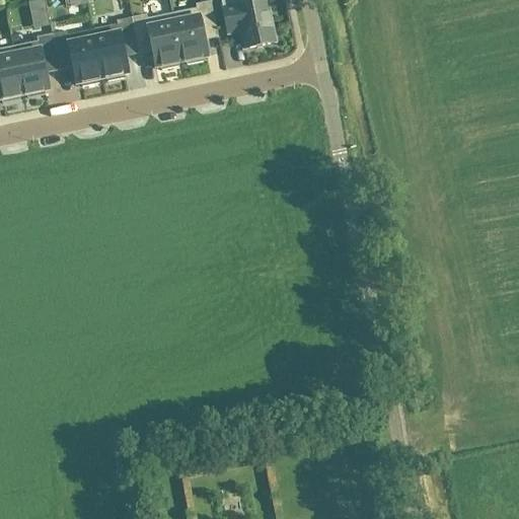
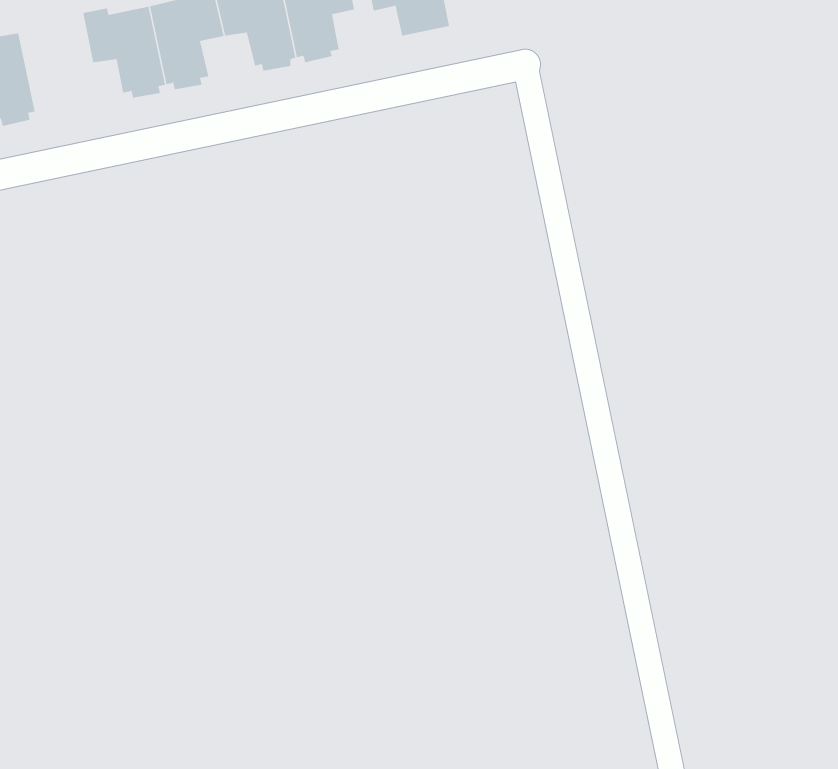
building: [12,33,58,97] -> none

